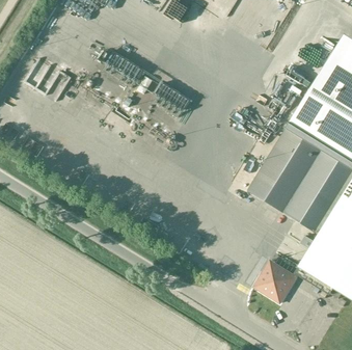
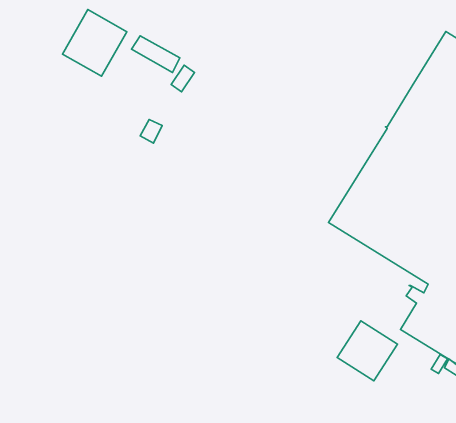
building: none -> [62,10,127,76]

